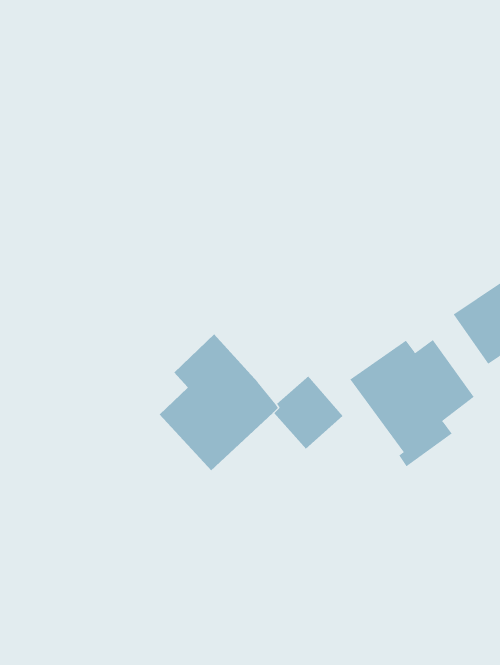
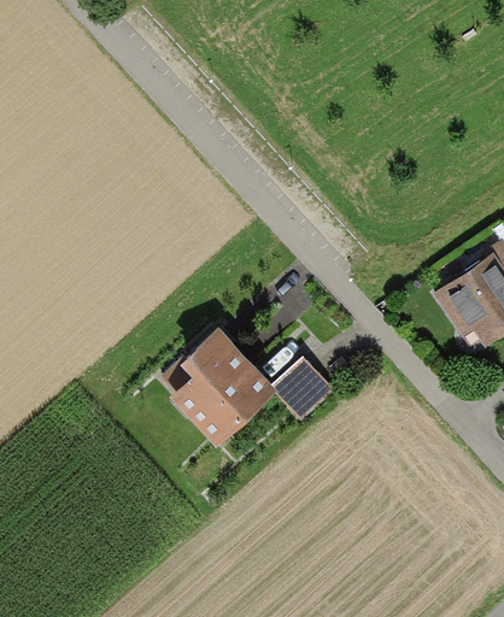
building: [350,339,475,467] -> none

